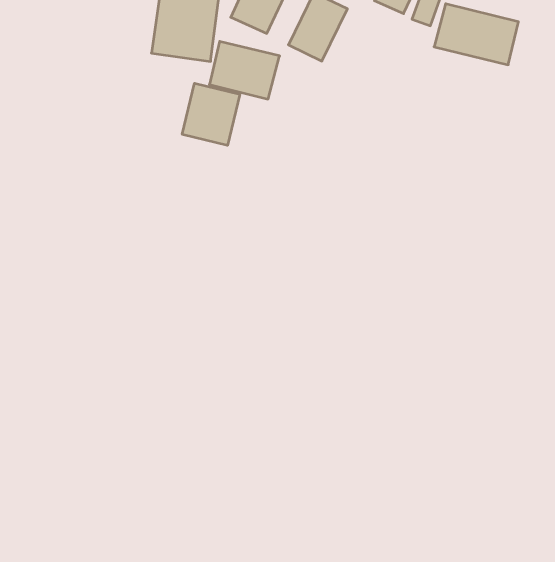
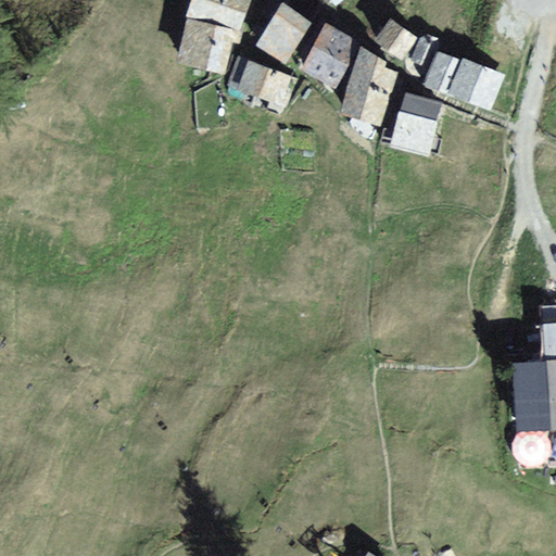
building: none -> [345,47,397,124]
building: none -> [395,91,440,152]
building: [182,83,240,145] -> none

